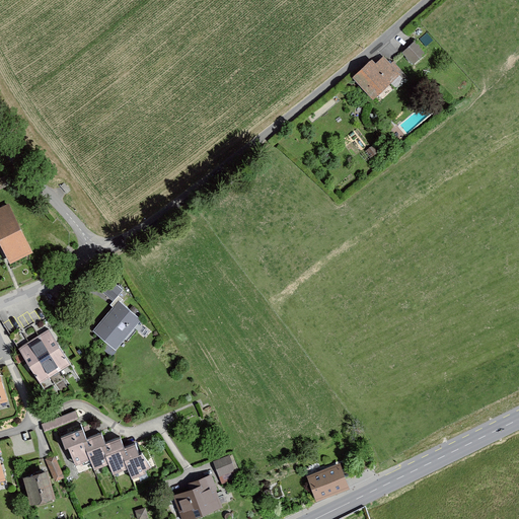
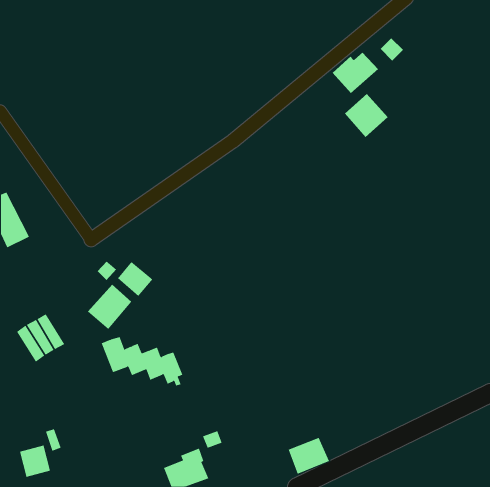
building: none -> [344,93,388,138]
building: none -> [117,261,153,297]
building: [60,427,147,479] -> [101,336,183,386]

